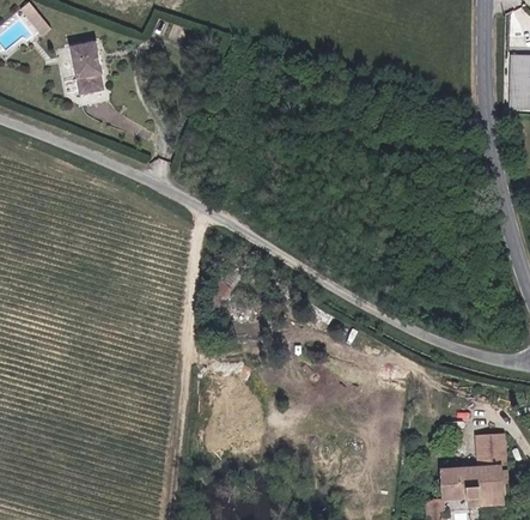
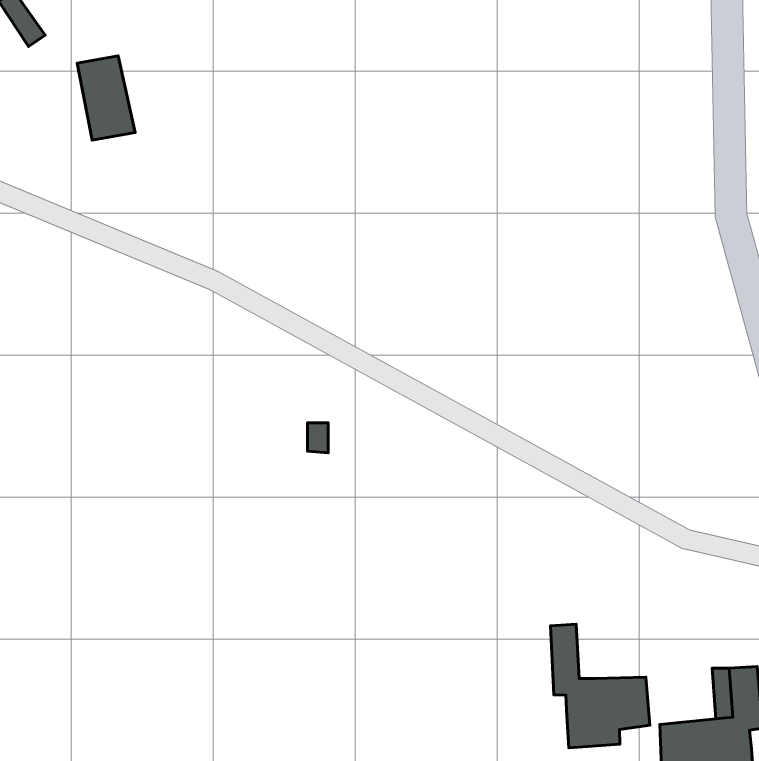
building: none -> [551,624,650,748]

